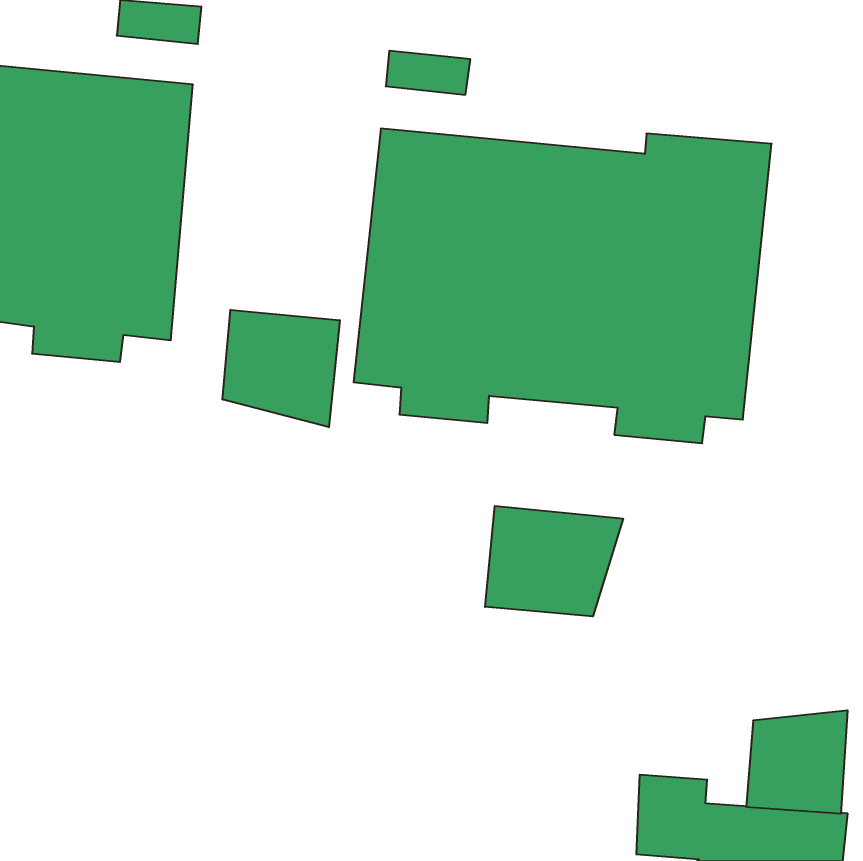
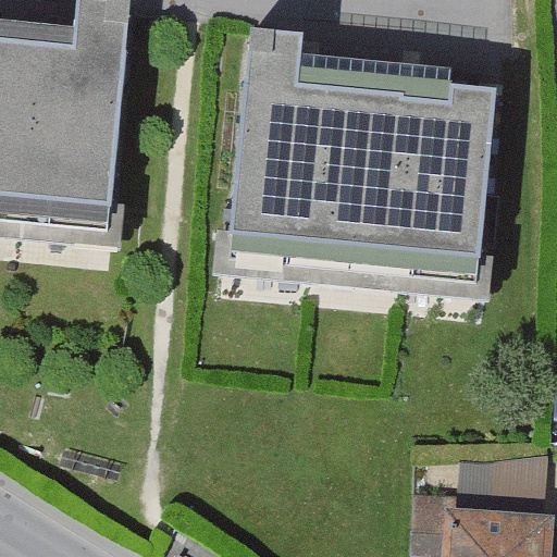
building: [223,310,340,427] -> none
building: [485,506,623,616] -> none

